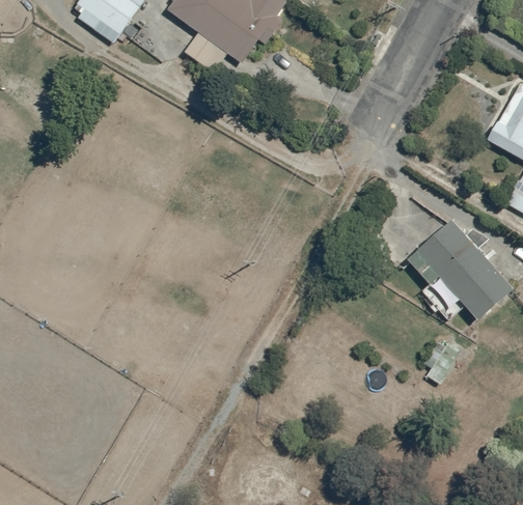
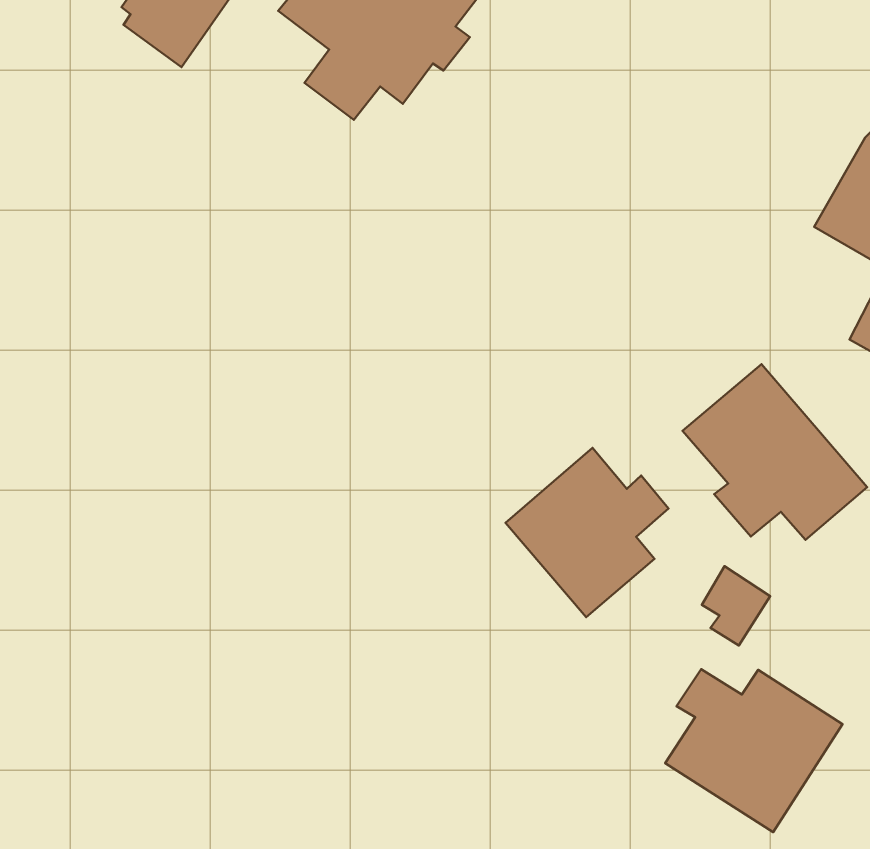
building: none -> [506,448,668,617]
building: none -> [665,669,843,832]

